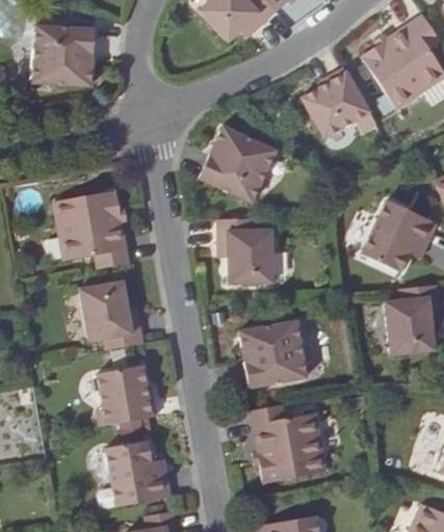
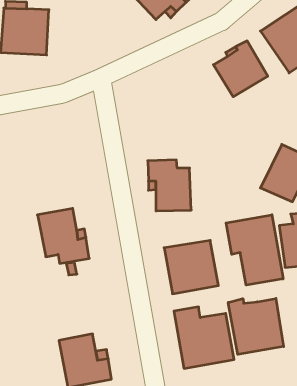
building: [198,127,276,204] -> none
building: [52,190,130,268] -> none
building: none -> [226,215,283,285]
building: [97,366,157,425] -> none
building: none -> [228,298,284,354]

